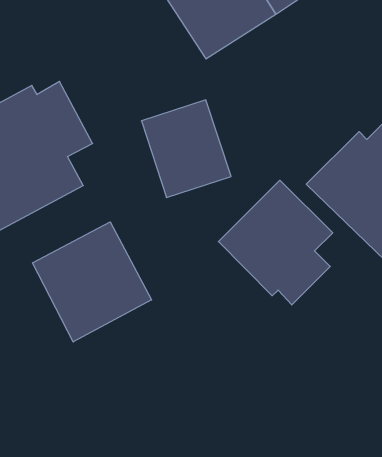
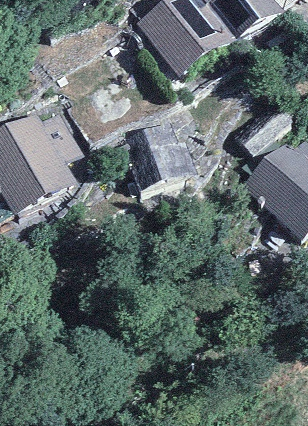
building: [218,180,333,305] -> none
building: [33,222,152,342] -> none

